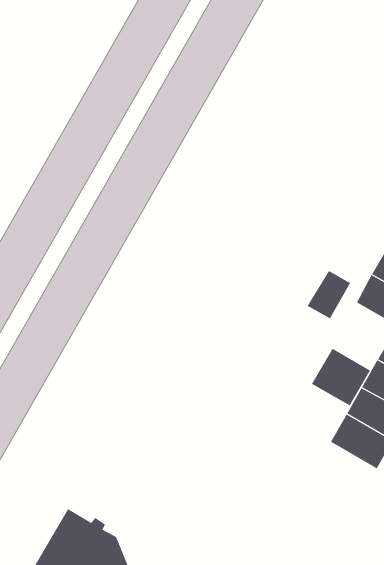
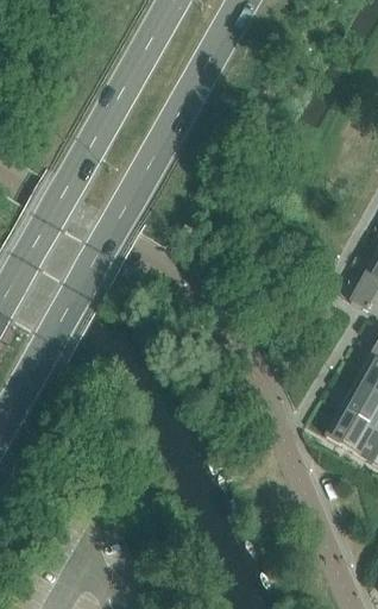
building: [307,270,351,319] -> none
building: [311,348,371,406] -> none

